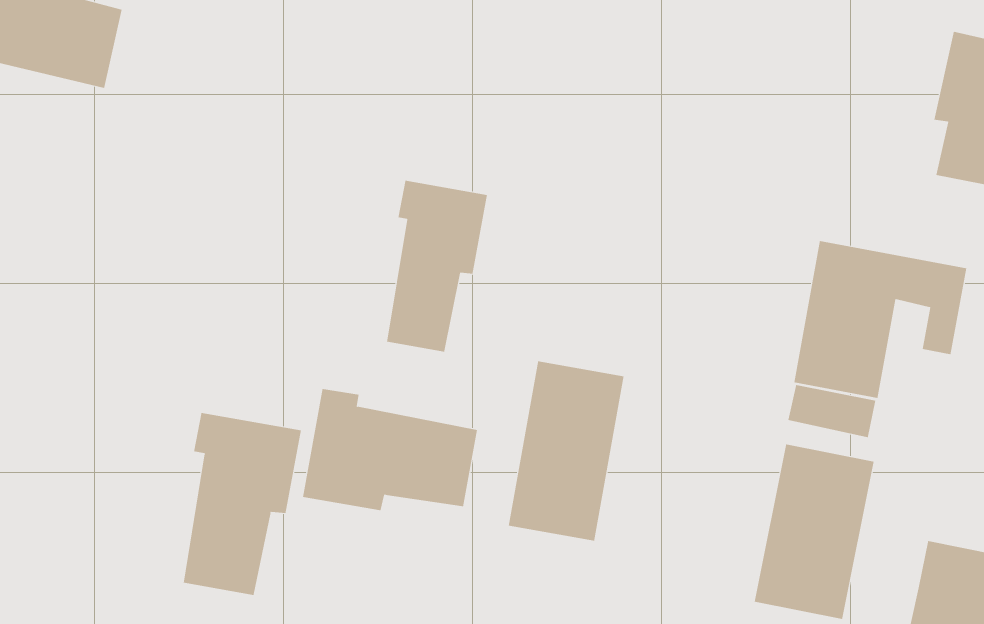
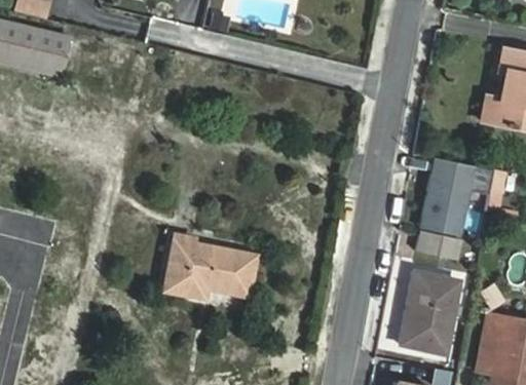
building: [386,180,487,353] -> none
building: [508,361,624,542] -> none
building: [183,412,301,596] -> none

